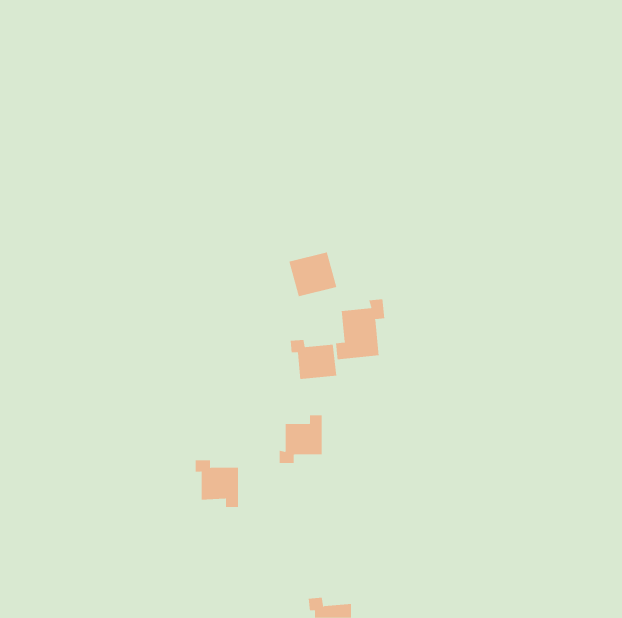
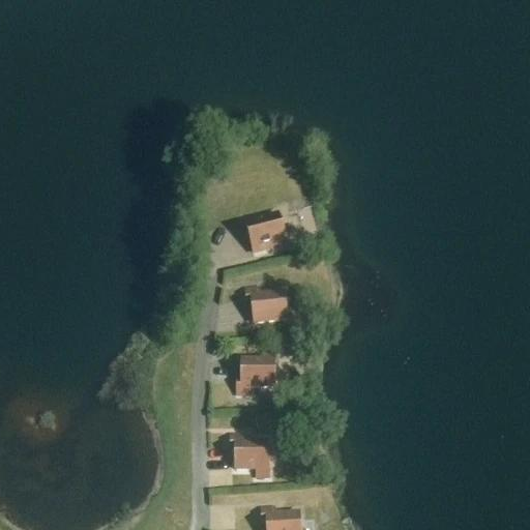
building: [335,298,385,360] -> none
building: [195,460,239,507] -> [231,436,268,476]

